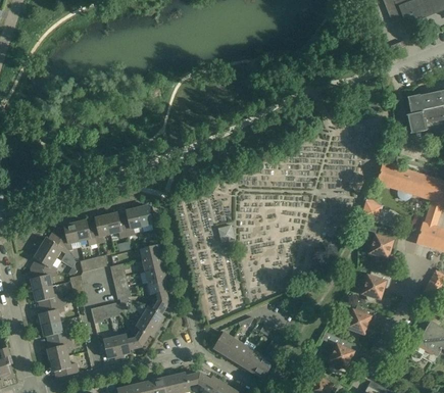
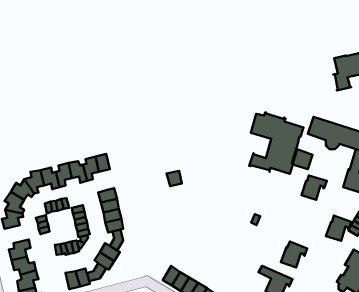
building: none -> [249,112,304,174]
building: [361,269,390,298] -> [326,216,351,241]
building: [33,286,67,306] -> none

